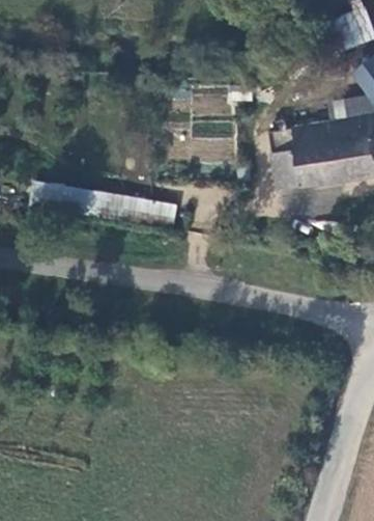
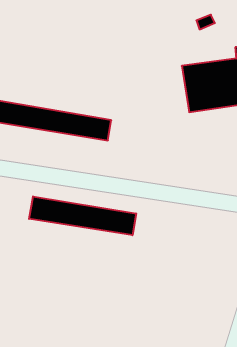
building: none -> [29,196,136,235]

